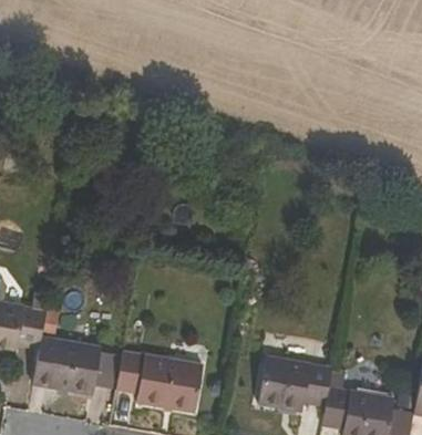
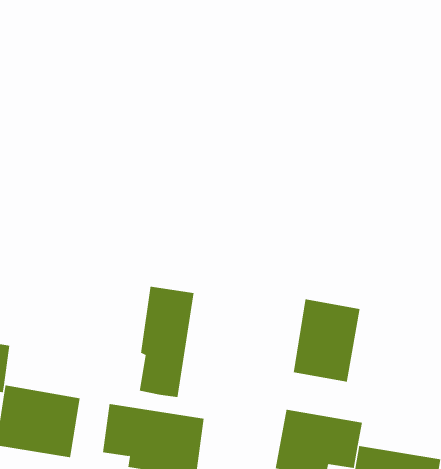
building: none -> [139,286,194,398]
building: none -> [293,299,360,382]

